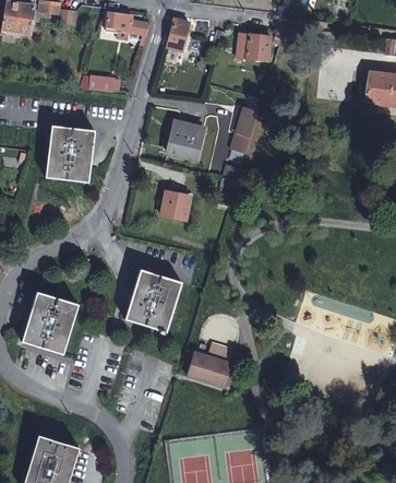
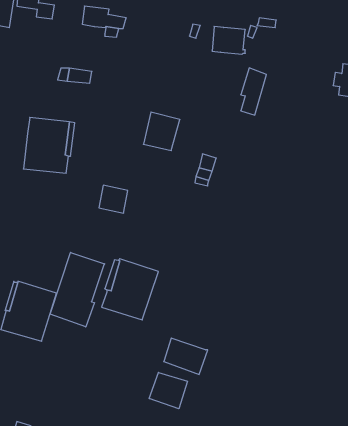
building: [166,19,190,51] -> none
building: [231,105,257,153] -> [241,68,266,115]
building: [160,191,190,220] -> [99,185,128,213]
building: none -> [50,252,105,327]
building: none -> [149,372,188,409]

